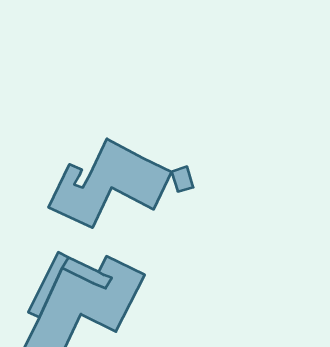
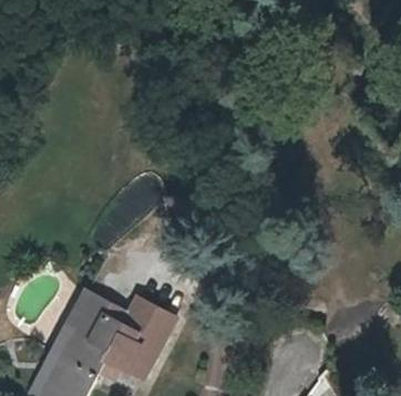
building: [49,139,172,228] -> none

